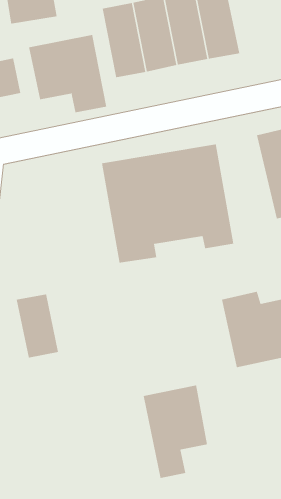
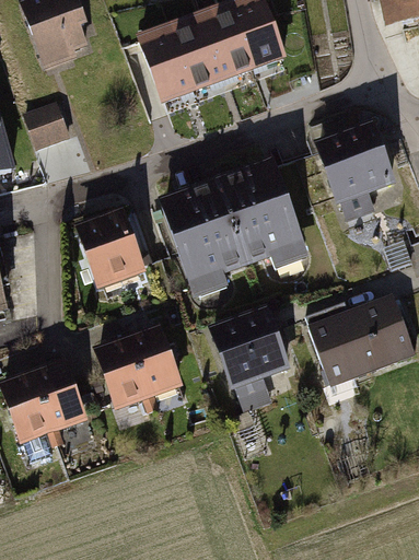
building: [28,34,107,113] -> none
building: none -> [77,205,149,285]
building: none -> [126,327,178,396]
building: [143,385,208,479] -> [211,308,286,410]

